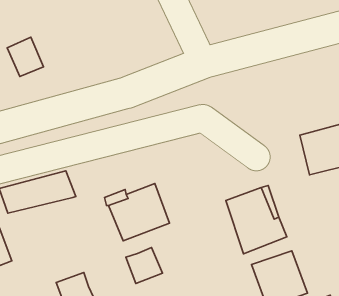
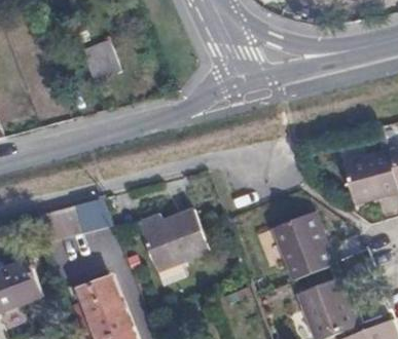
building: [7,37,44,77] -> [82,46,120,87]
building: none -> [80,275,120,313]
building: [126,247,162,284] -> none

